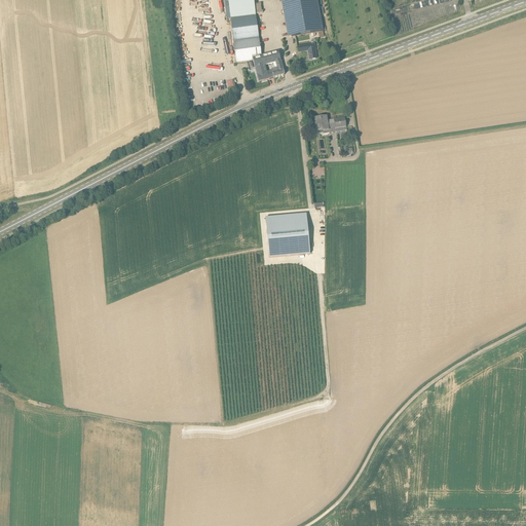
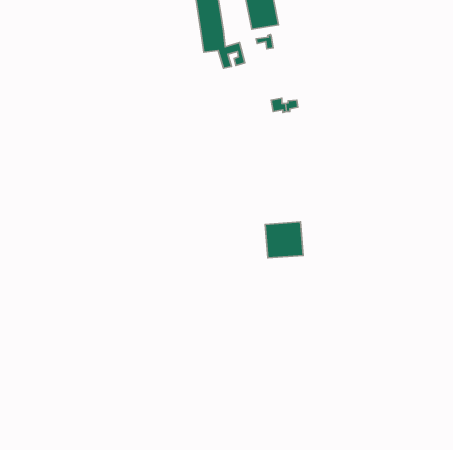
building: [266,213,310,255] -> [265,222,303,258]

